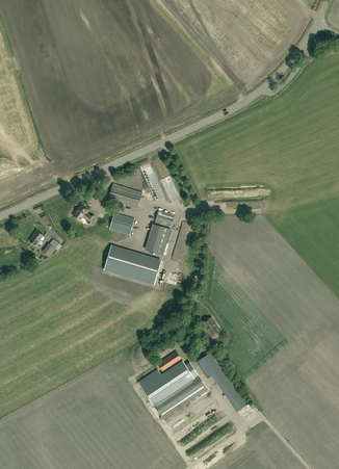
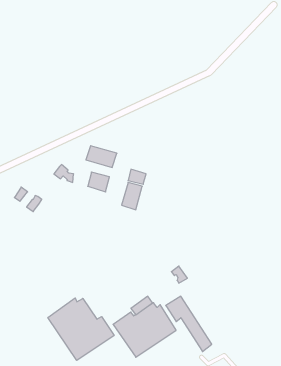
building: [105,245,160,283] -> none
building: none -> [48,298,114,360]

